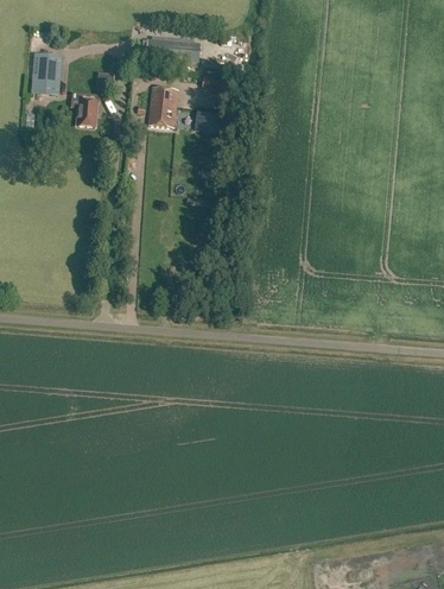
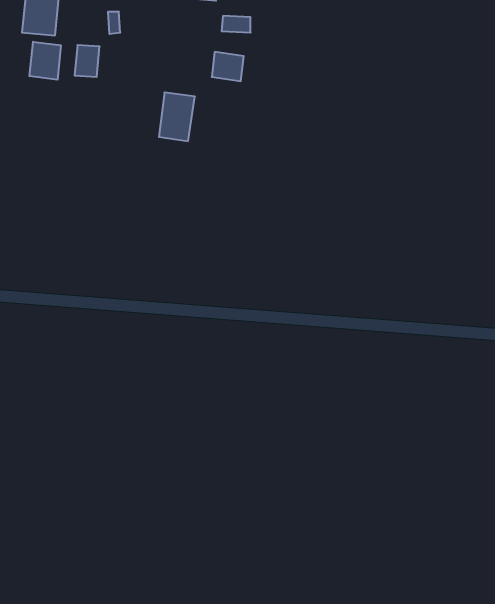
building: [148,87,179,128] -> [159,92,195,141]
building: none -> [30,42,61,80]

